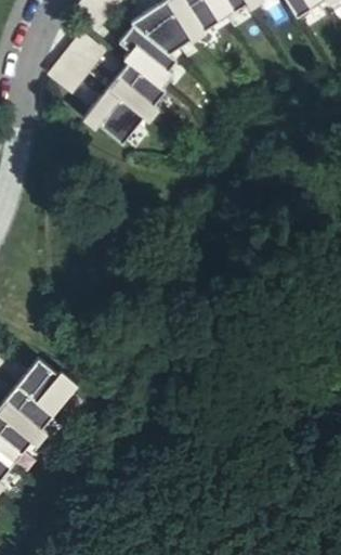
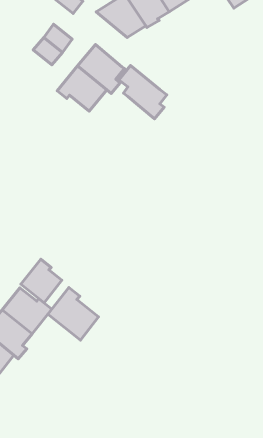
building: [118,24,176,89] -> [119,66,167,119]
building: none -> [21,259,62,303]
building: none -> [48,287,98,340]

